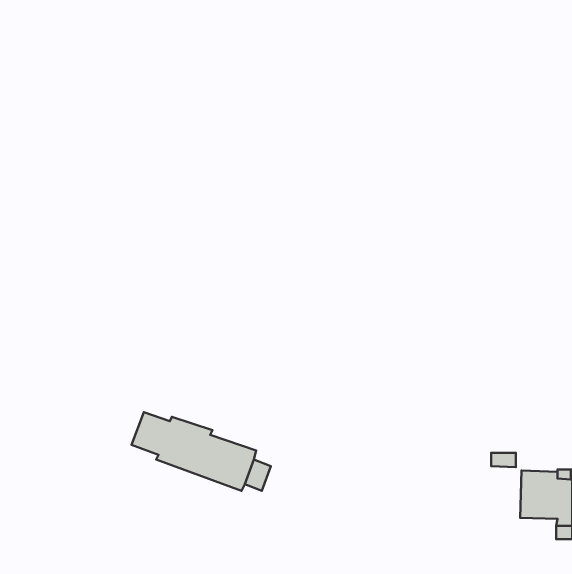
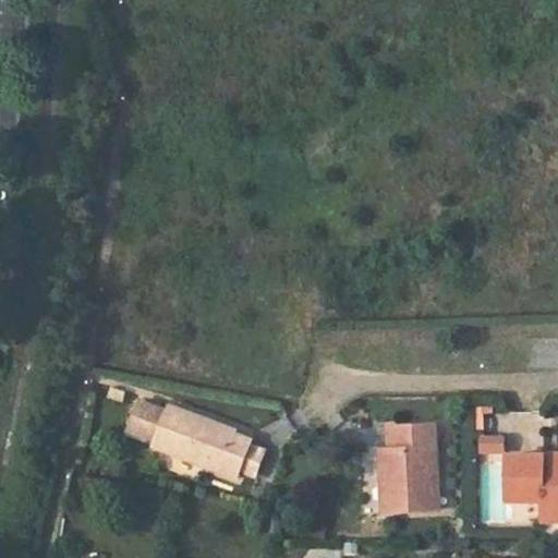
building: none -> [378,427,436,513]

